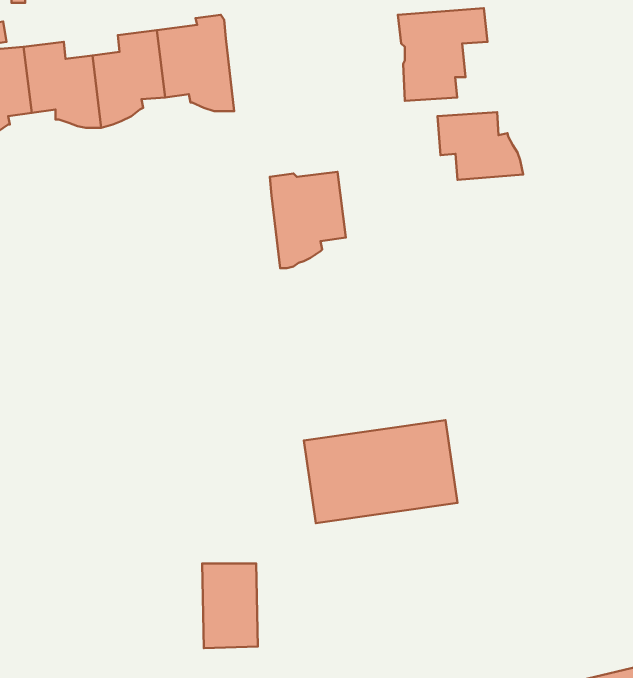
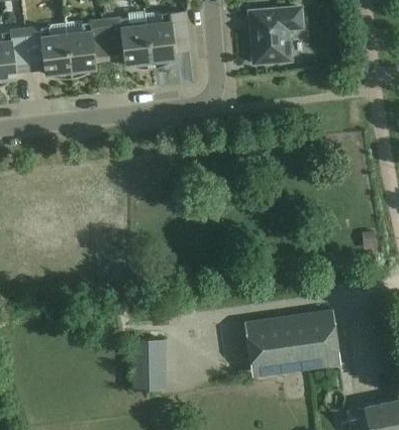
building: [438,112,523,180] -> none
building: [270,172,346,268] -> [144,11,190,69]
building: [304,420,457,523] -> [245,310,337,371]

